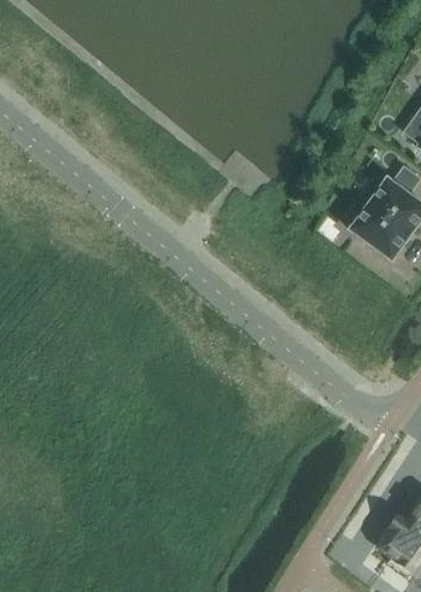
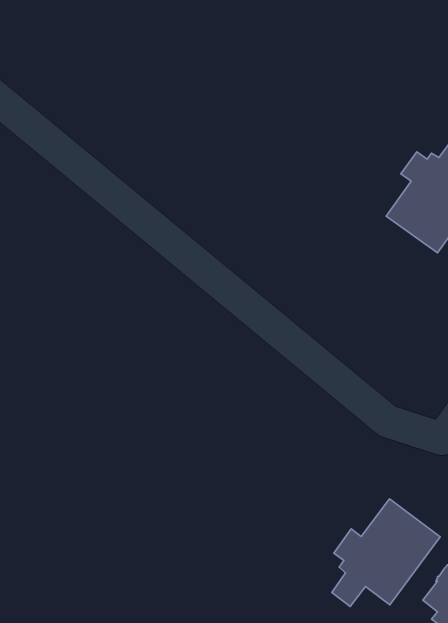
building: none -> [332,499,440,607]

